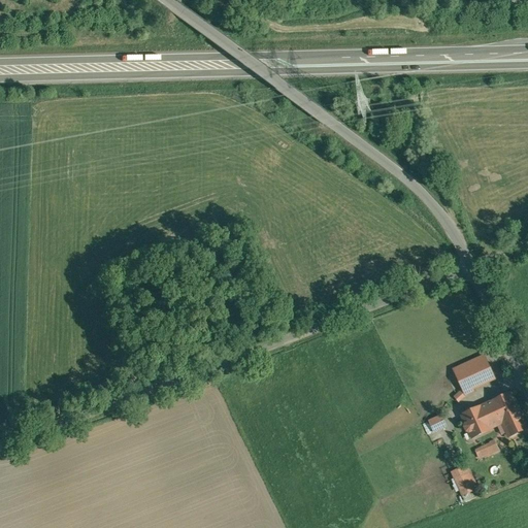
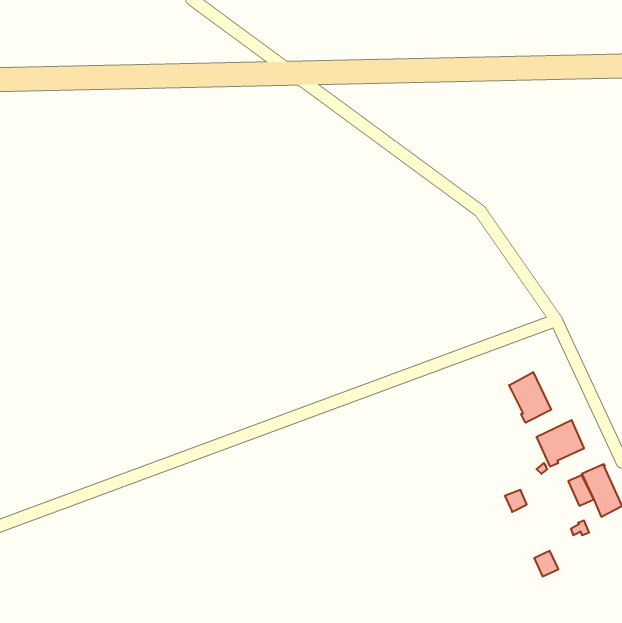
building: none -> [509,372,551,423]
building: [460,406,490,437] -> none

